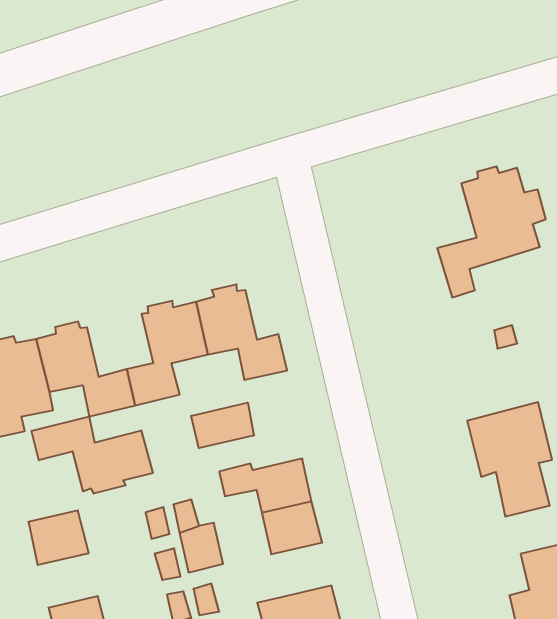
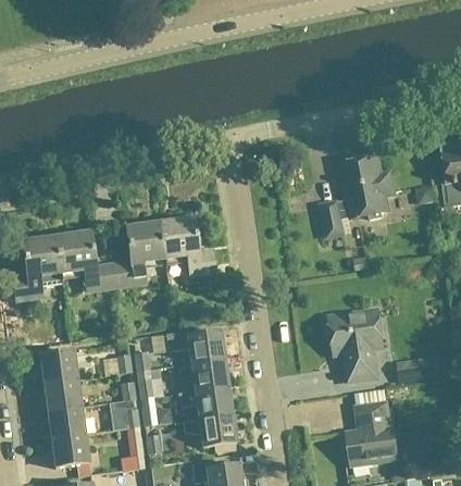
building: [191,403,254,448] -> none
building: [32,417,153,494] -> none
building: none -> [179,386,232,419]
building: none -> [43,378,80,411]

